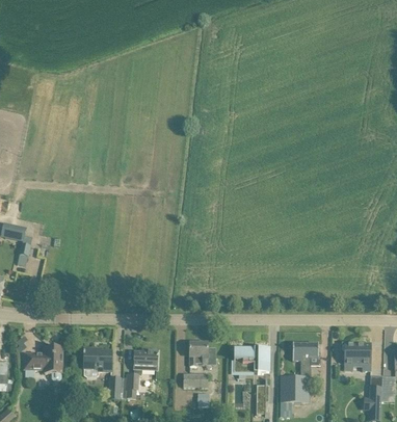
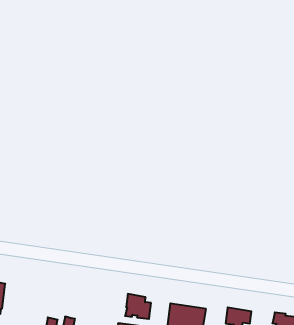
building: [83,347,111,376] -> none
building: [133,348,157,369] -> none

